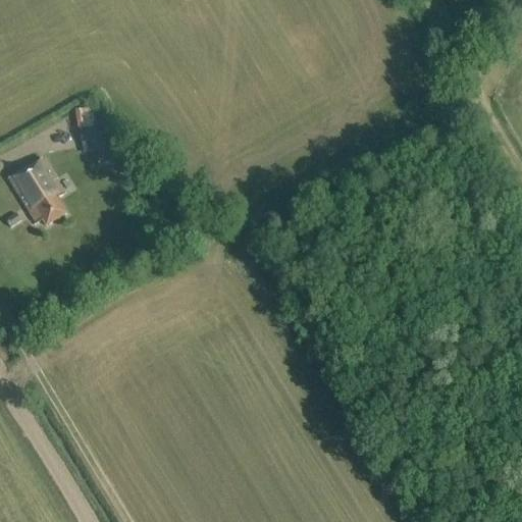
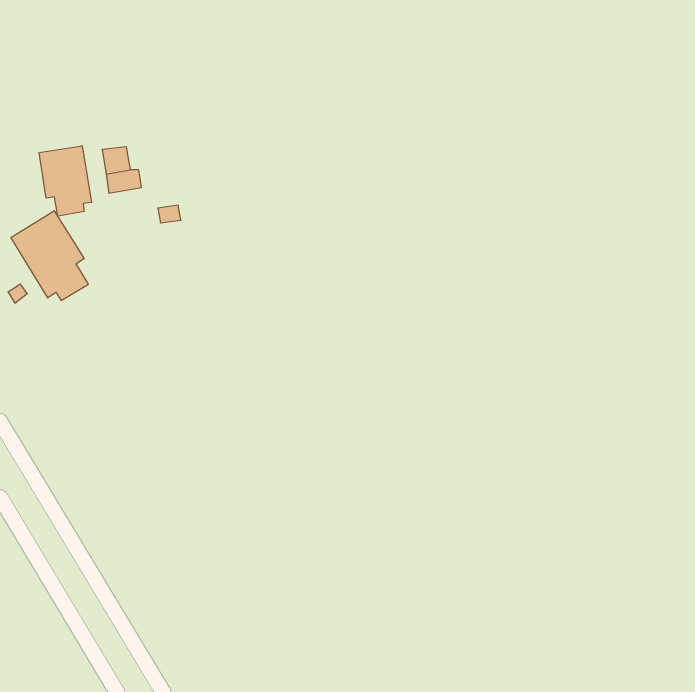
building: none -> [39,146,92,216]

